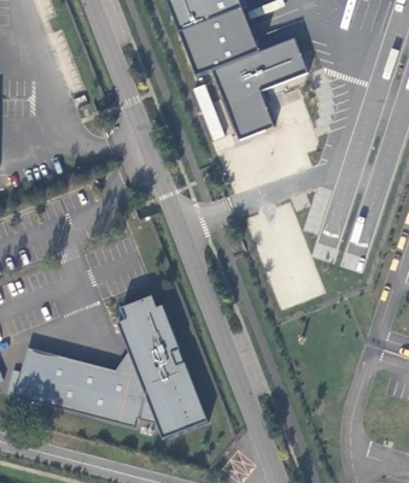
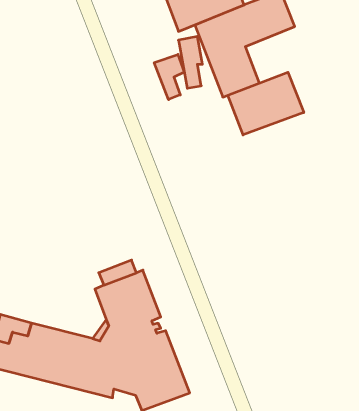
building: none -> [154,54,184,100]
building: none -> [228,72,304,135]

